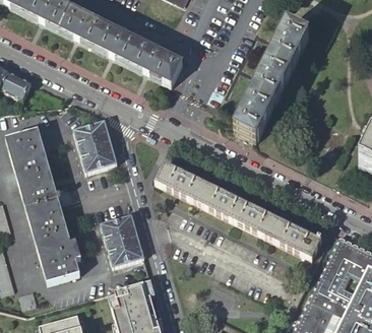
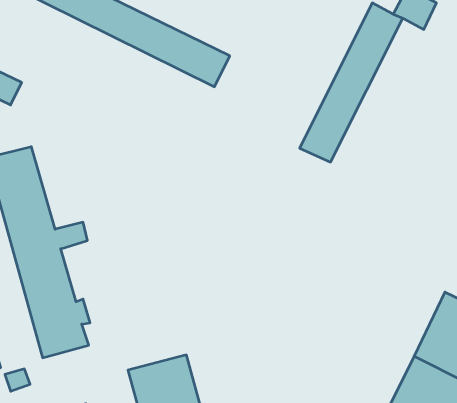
building: [72,118,116,170] -> none
building: [153,160,321,257] -> none
building: [100,212,143,264] -> none

